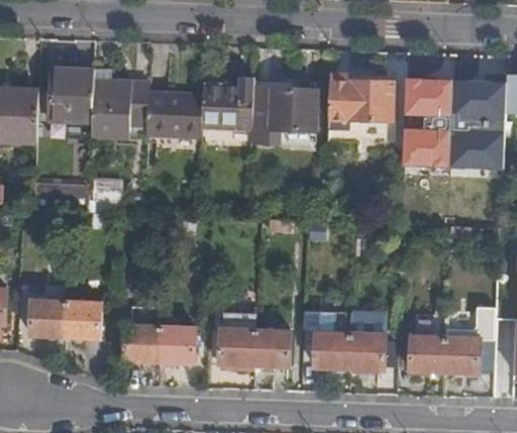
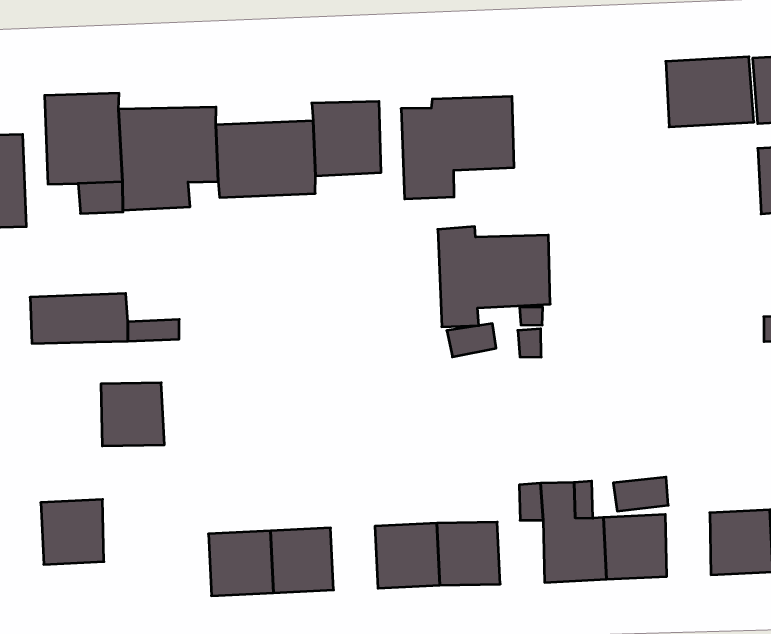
building: [328,74,393,130] -> [438,227,550,327]
building: [401,128,450,167] -> none
building: [65,301,101,338] -> [101,383,164,446]

